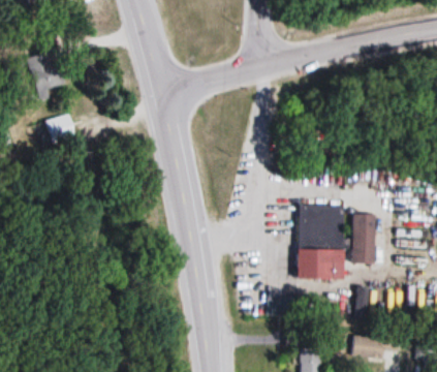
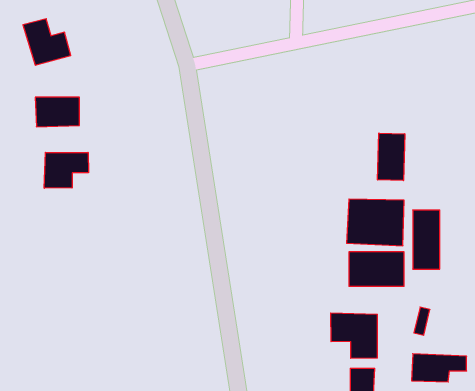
building: none -> [378,133,405,181]
building: none -> [44,152,88,188]
building: none -> [331,313,377,358]

